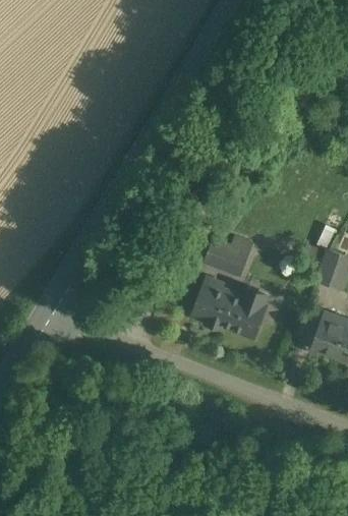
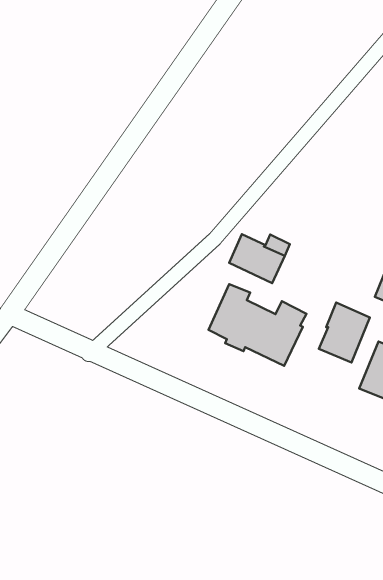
building: none -> [319,303,370,363]

